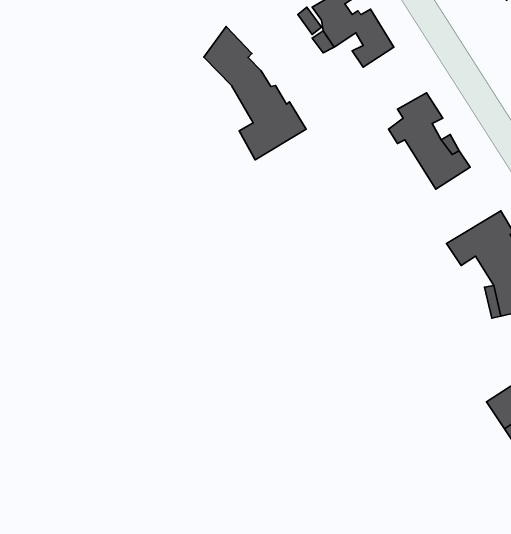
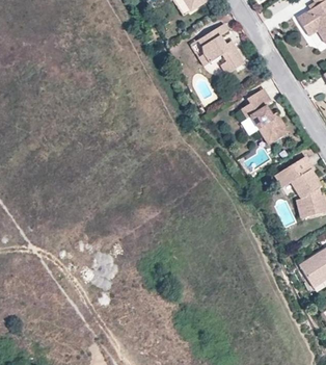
building: [204,26,306,160] -> none

